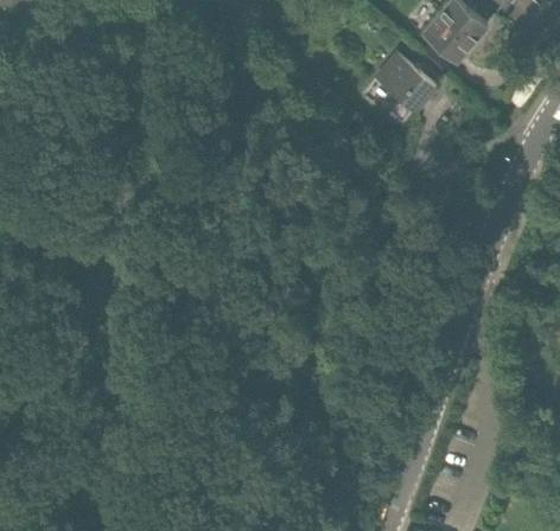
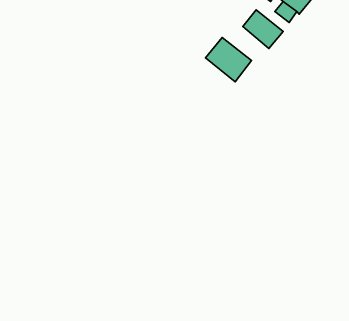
building: none -> [206,38,252,82]

